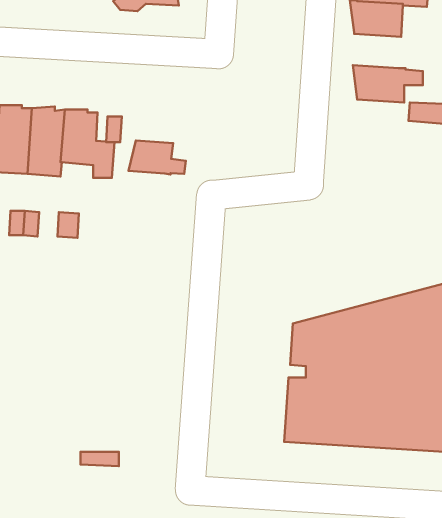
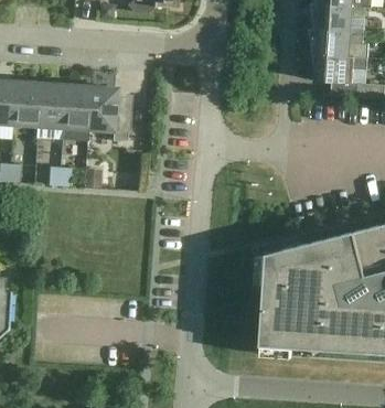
building: none -> [309,29,368,58]
building: [129,141,186,174] -> none

